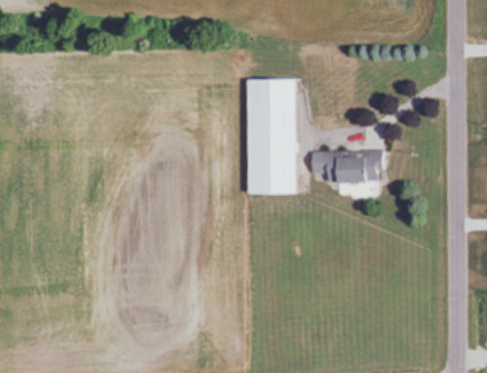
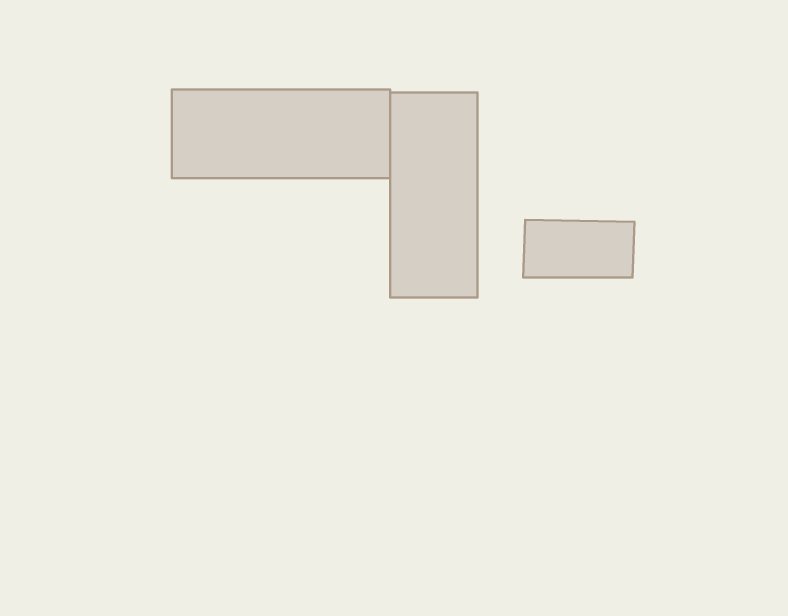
building: none -> [172,89,390,178]

